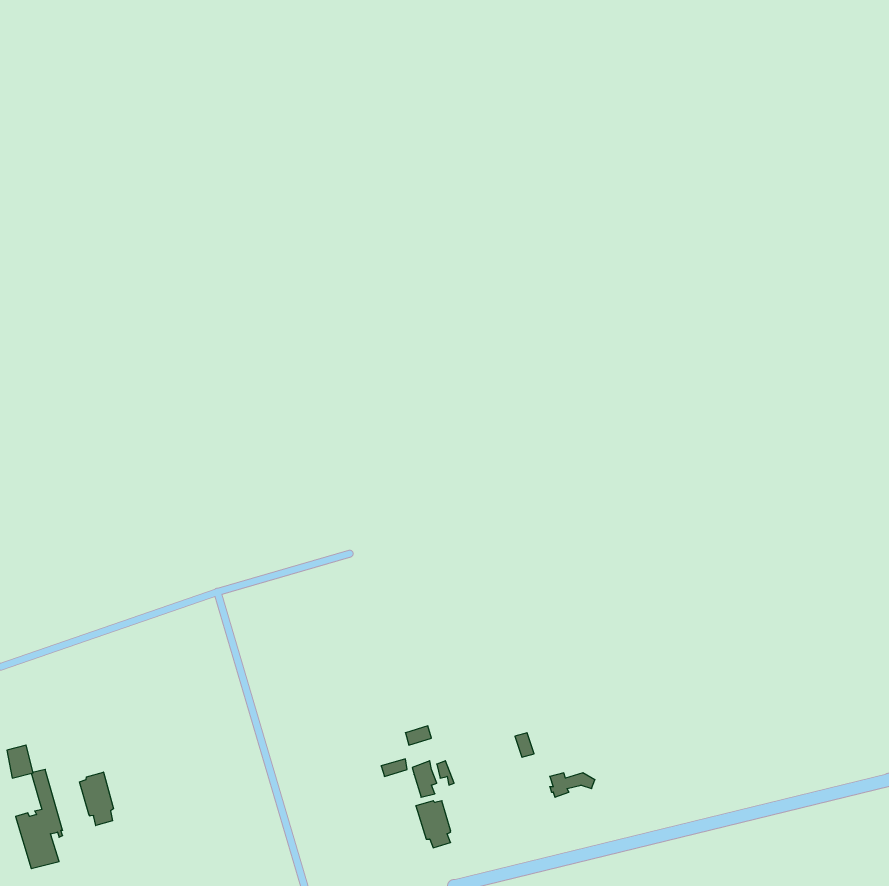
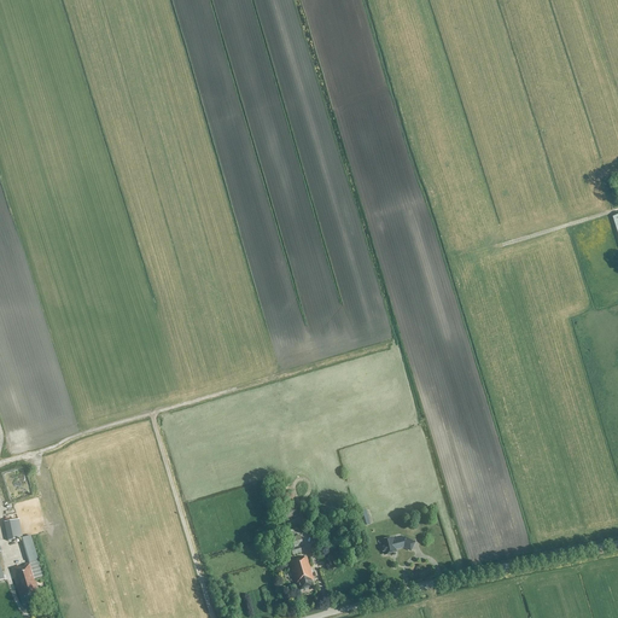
building: [79,772,113,826] -> none

